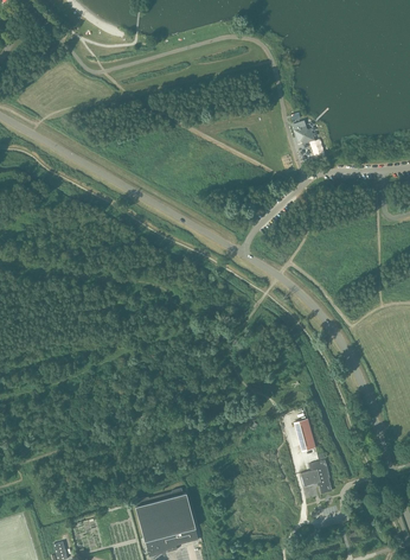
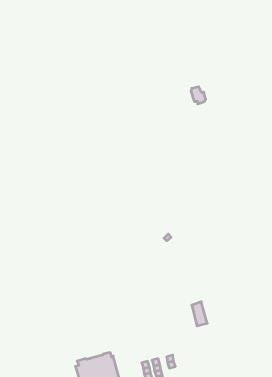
building: [302,459,332,495] -> none

